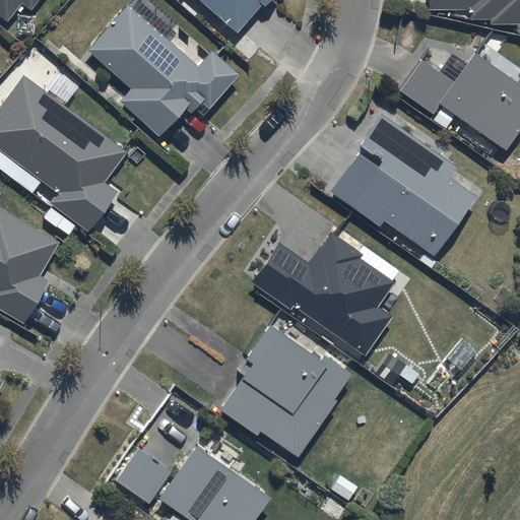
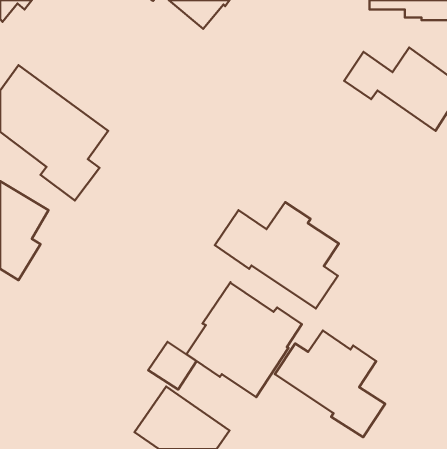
building: [87,5,240,136] -> none
building: [329,116,475,257] -> none
building: none -> [275,331,385,437]
building: [116,450,172,505] -> [148,342,197,389]

